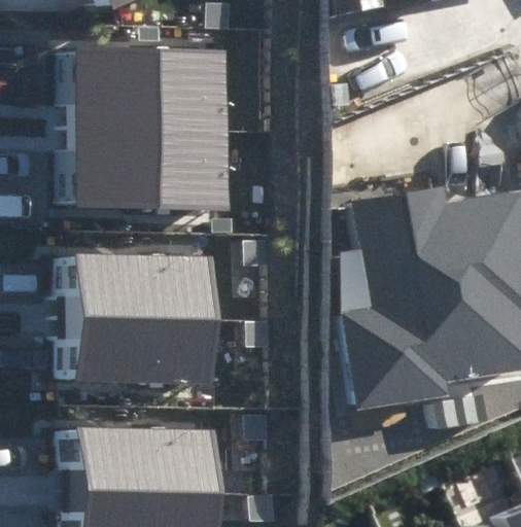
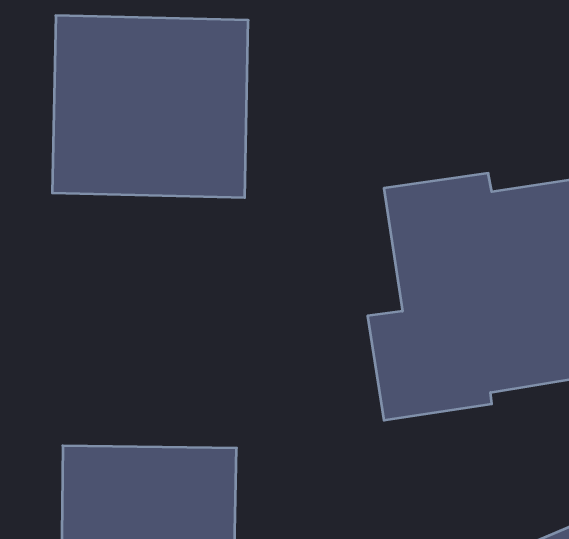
building: [60,255,214,383] -> none

